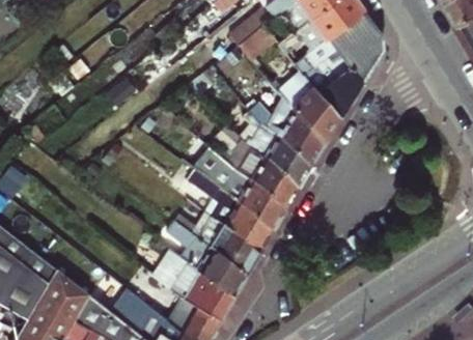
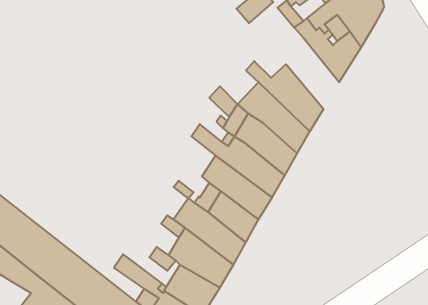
building: [280,73,339,143] -> none

